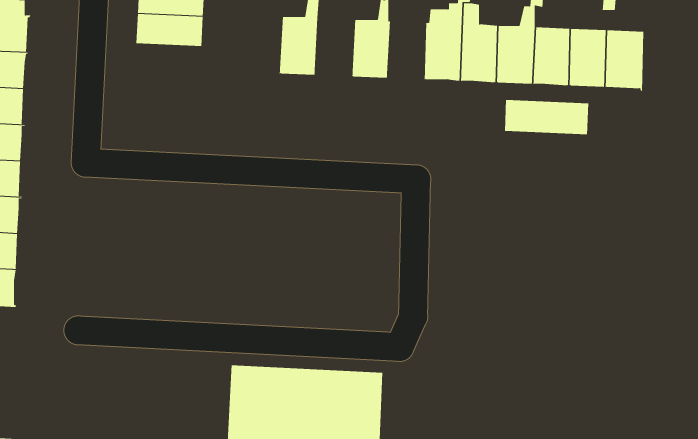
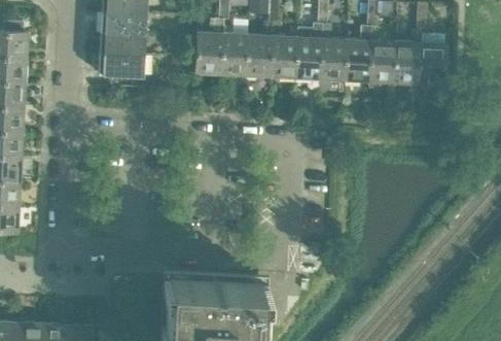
building: none -> [221,34,248,75]
building: none -> [271,36,296,77]
building: none -> [98,52,144,76]
building: [504,99,589,135] -> none

